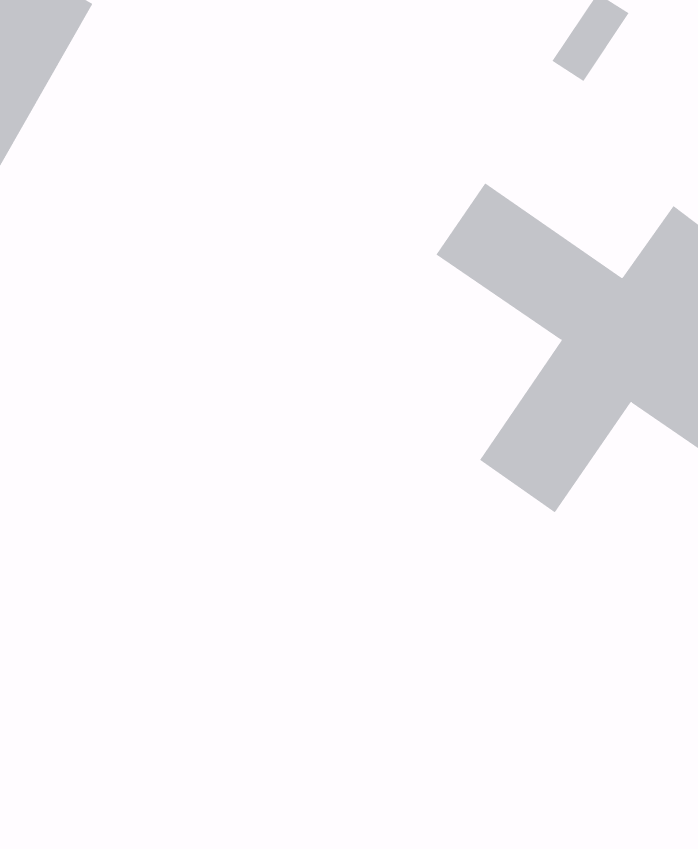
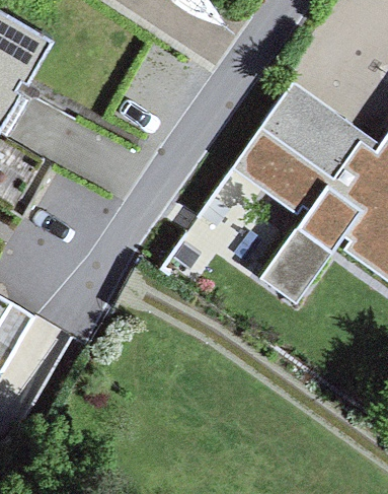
building: none -> [259,93,360,184]

